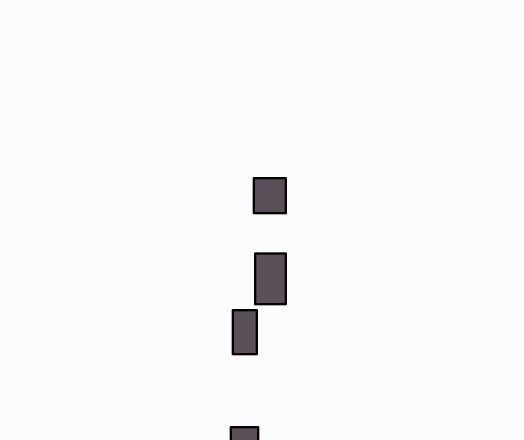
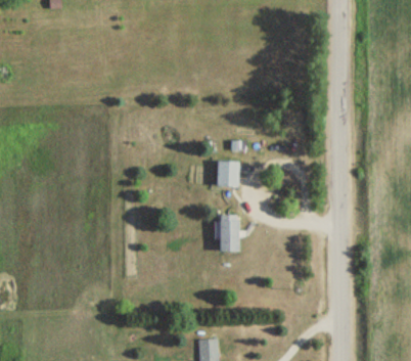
building: [233,310,257,354] -> none

